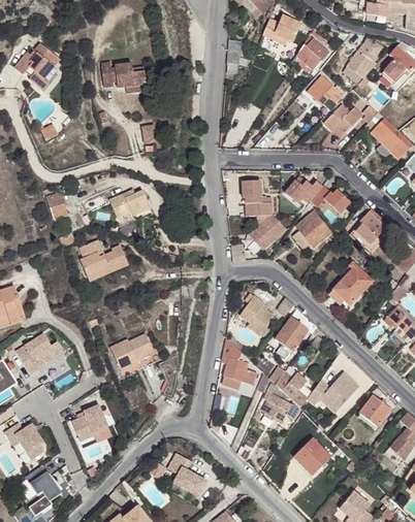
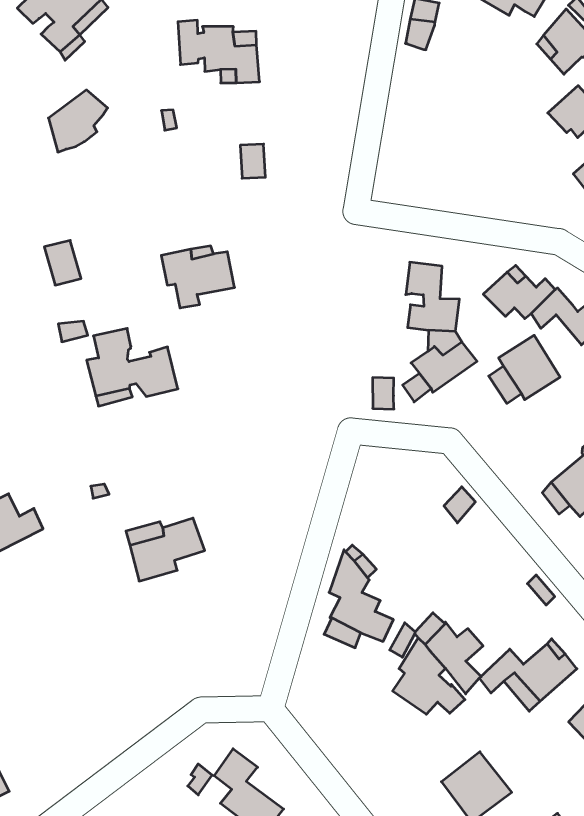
building: [240,294,273,335] -> none
building: [275,309,317,353] -> none
building: [72,401,109,438] -> none

